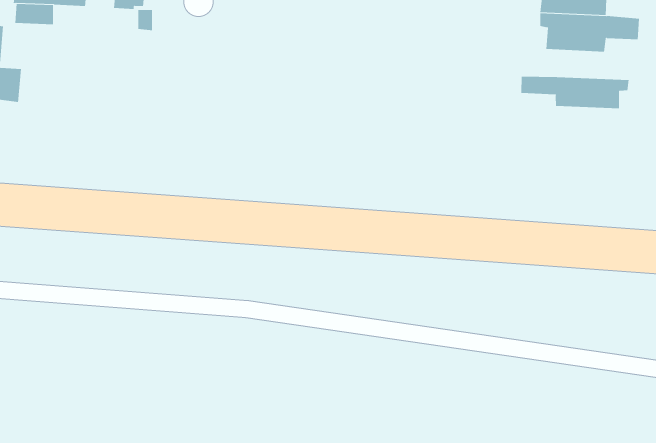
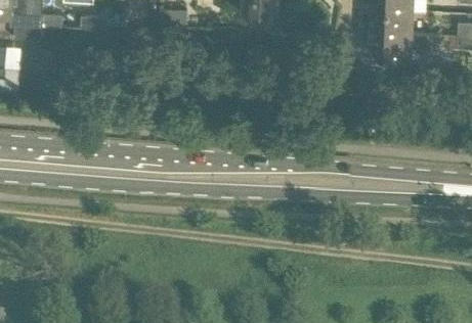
building: [521,76,629,109] -> none

